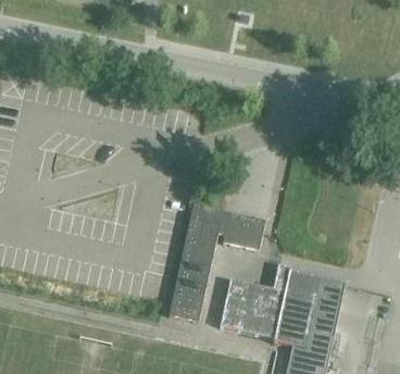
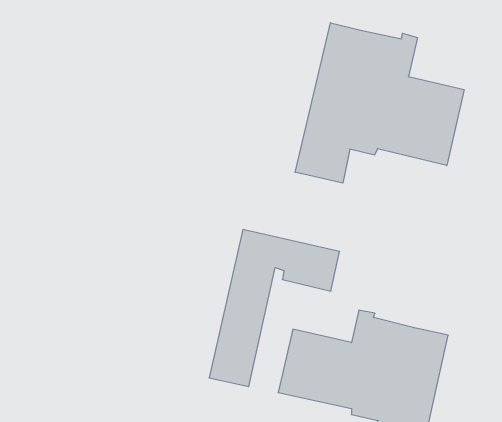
building: none -> [295,23,464,183]

